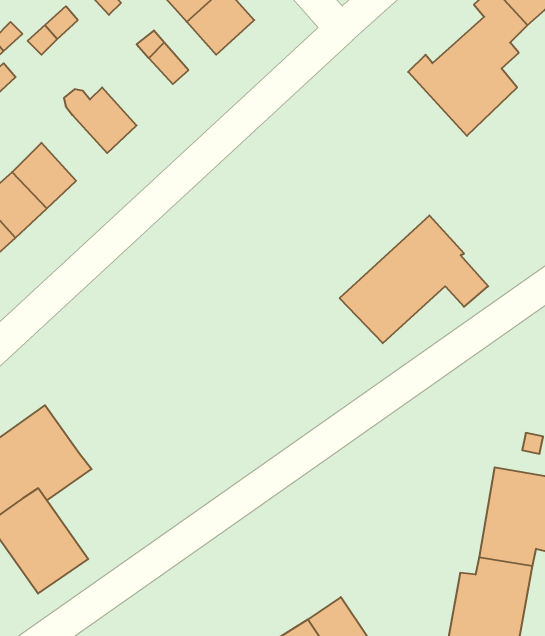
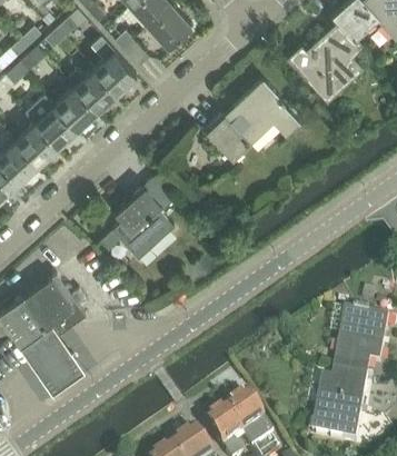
building: none -> [90,38,136,95]
building: none -> [53,88,96,130]
building: [340,215,488,343] -> [205,79,300,161]
building: none -> [111,178,175,260]

